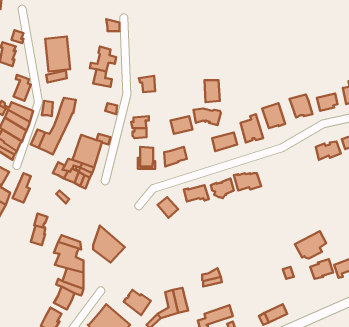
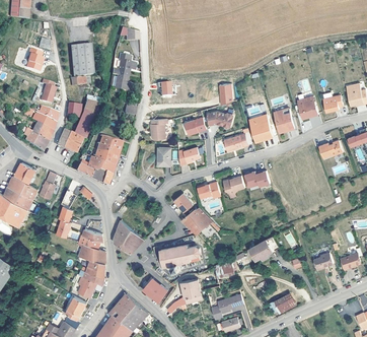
building: none -> [181,207,211,234]
building: [295,231,326,258] -> [248,235,278,261]
building: none -> [160,245,200,272]

